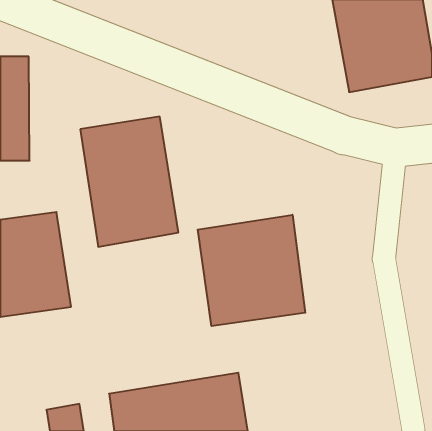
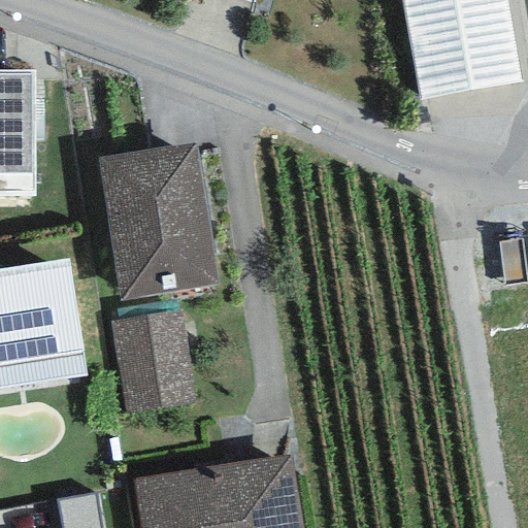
building: [198,215,305,326] -> none
building: none -> [110,310,195,414]

